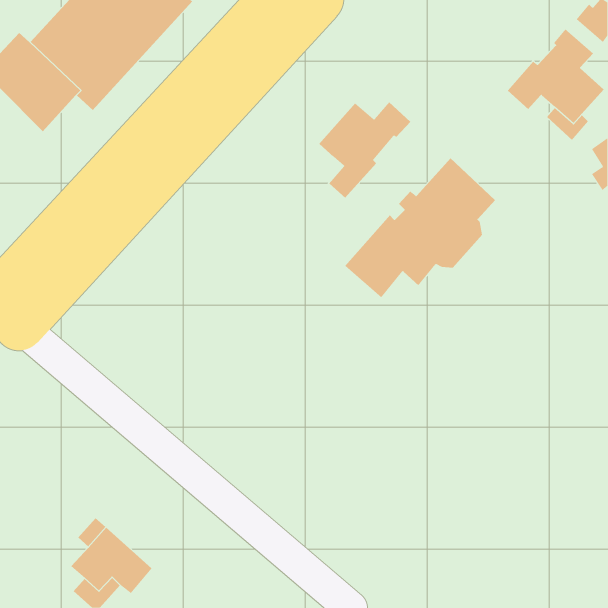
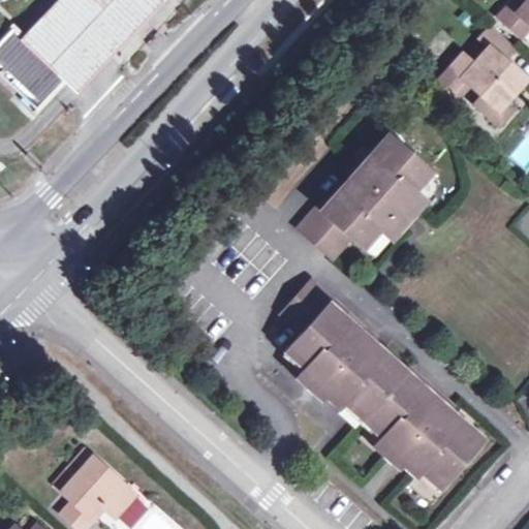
building: [319,102,411,198] -> none
building: none -> [281,282,478,487]

